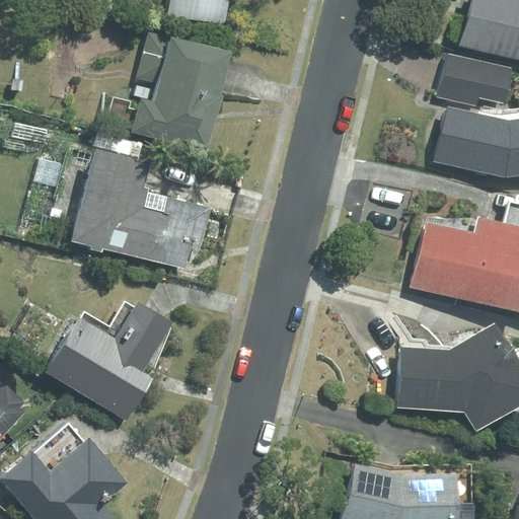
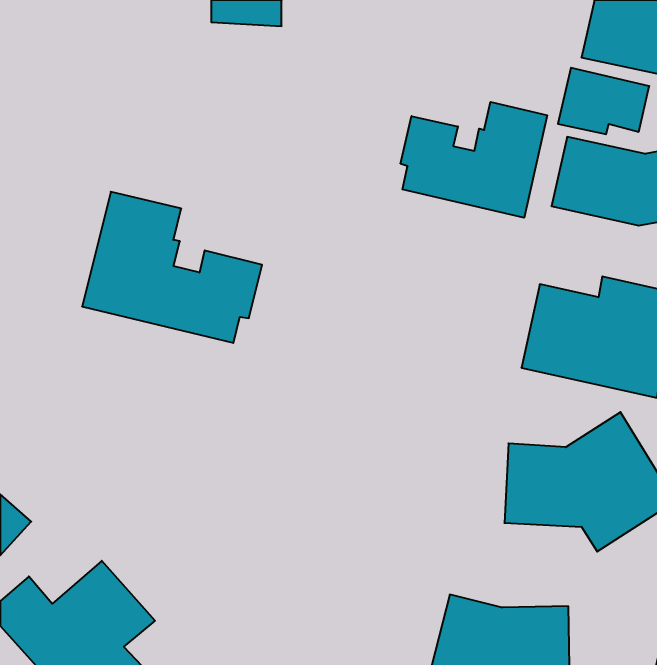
building: [132,33,229,149] -> none
building: none -> [401,102,547,218]
building: [44,302,171,420] -> none

